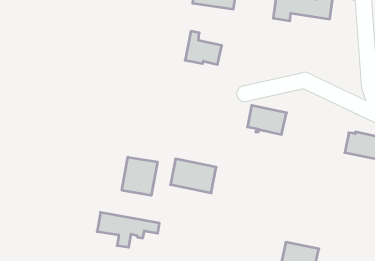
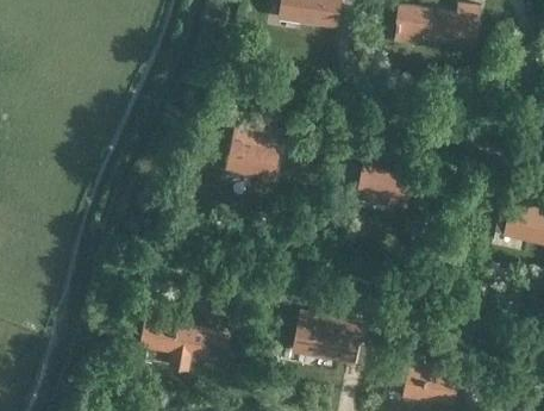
building: [185,31,222,64] -> [227,131,280,179]
building: [122,157,157,195] -> none
building: [170,159,216,193] -> [294,313,359,362]

